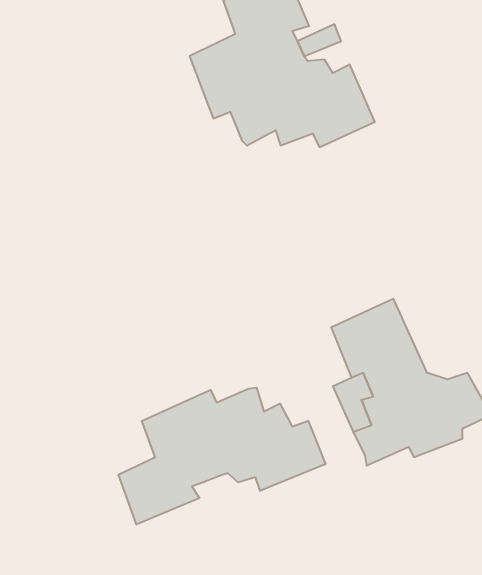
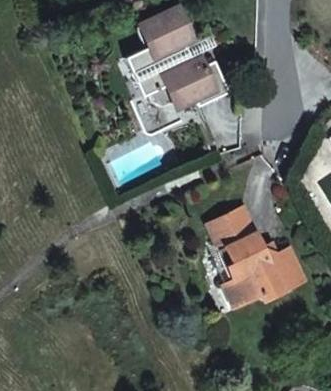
building: [119,388,326,525] -> none

